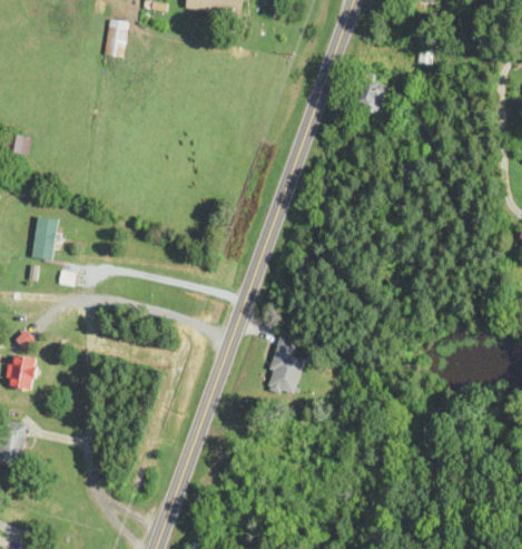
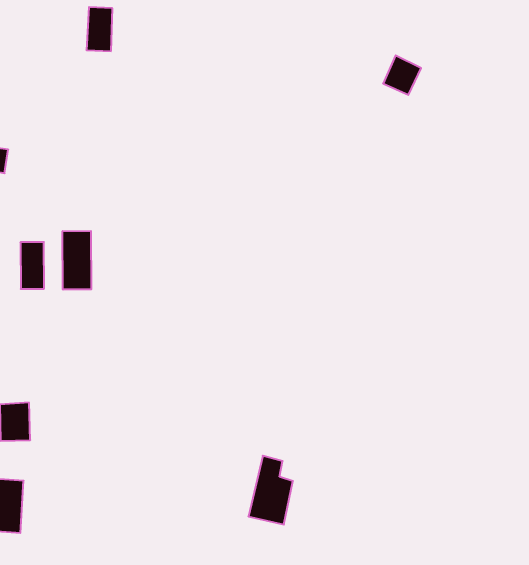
building: none -> [63,231,91,290]
building: [265,336,305,396] -> [248,456,293,525]

